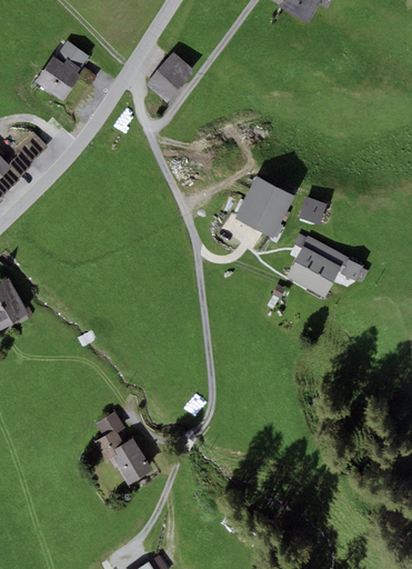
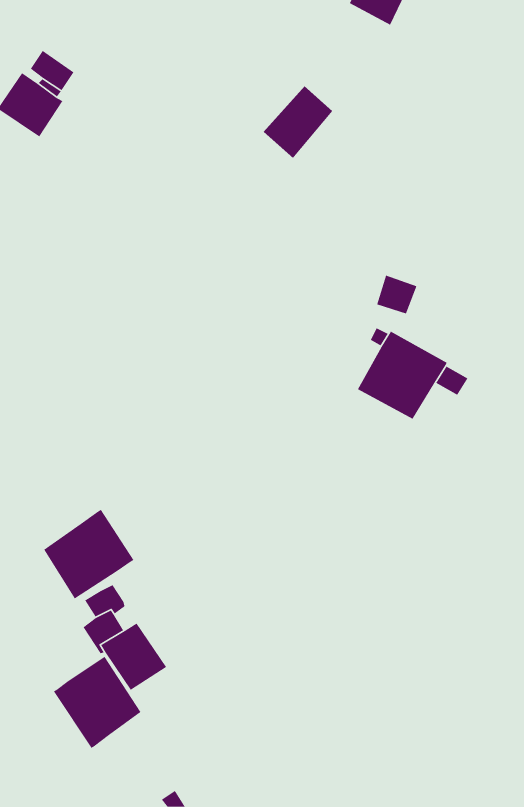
building: [145,51,194,102] -> [263,86,333,159]
building: [235,176,295,238] -> none
building: none -> [43,509,134,599]
building: none -> [53,656,141,749]

